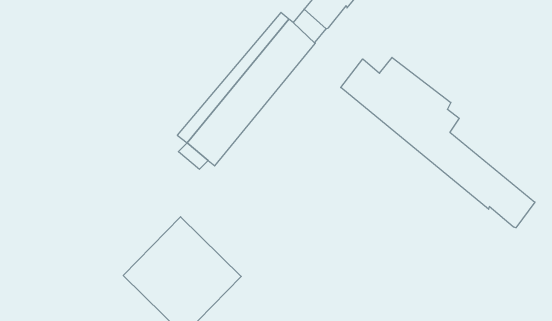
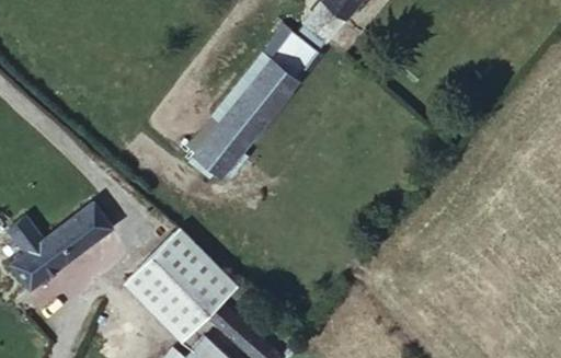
building: [341,57,535,228] -> none
building: none -> [9,206,112,290]

